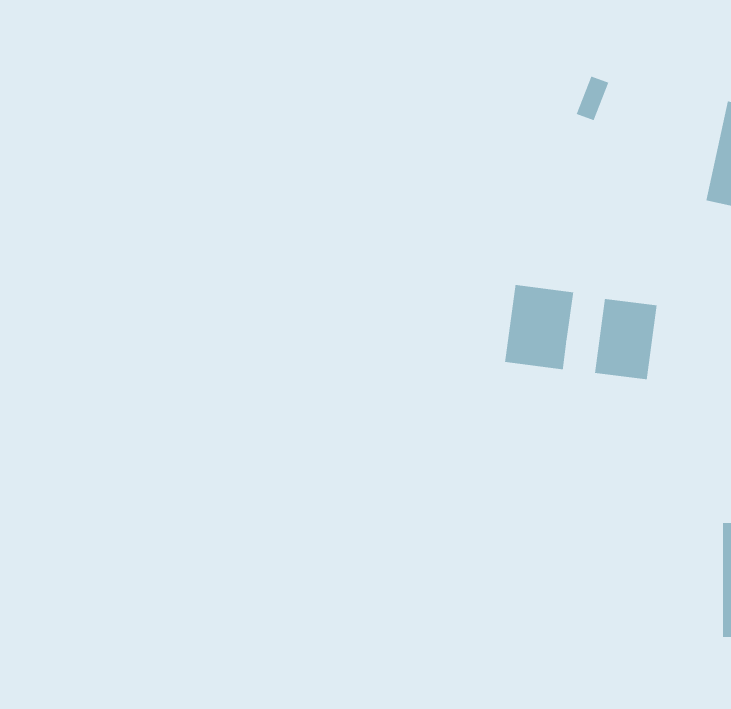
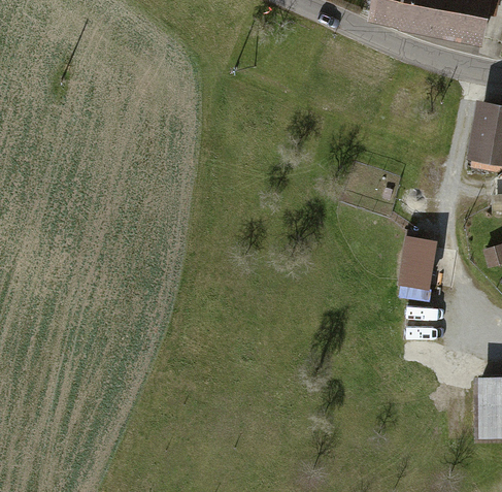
building: [505,284,574,370] -> none

